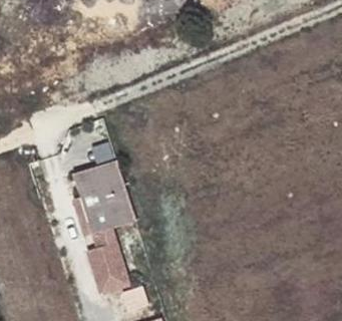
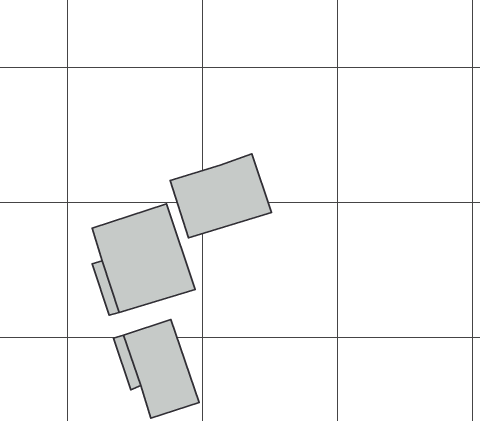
building: none -> [170,154,271,238]

